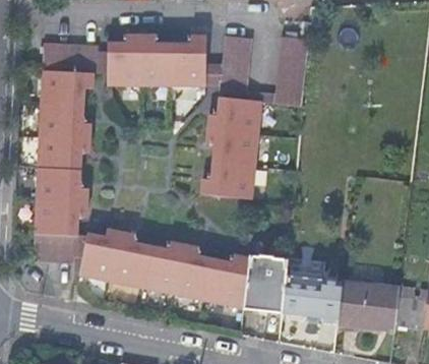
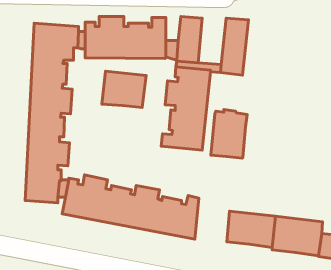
building: none -> [102,71,146,107]
building: [242,252,287,312] -> [211,110,247,158]

